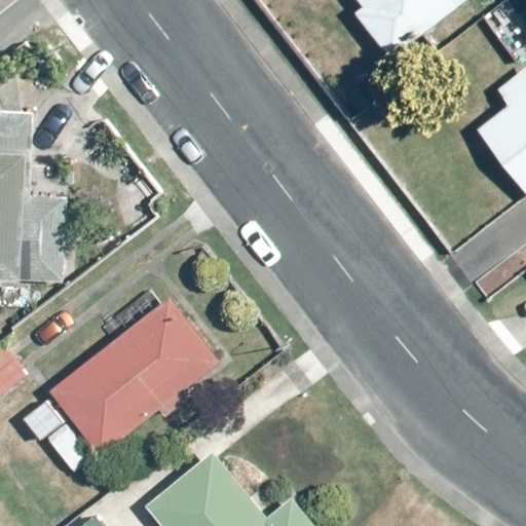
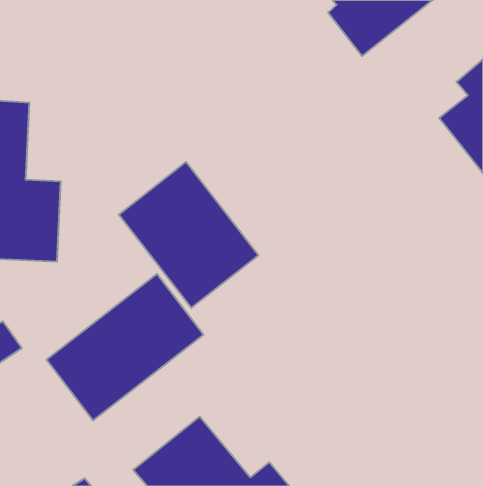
building: none -> [119,162,258,308]

